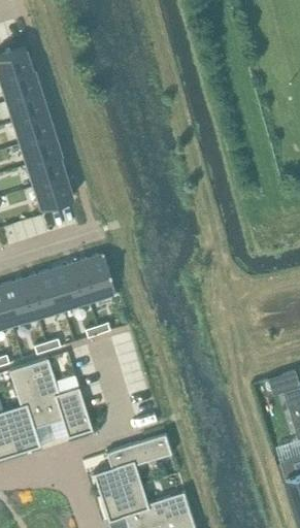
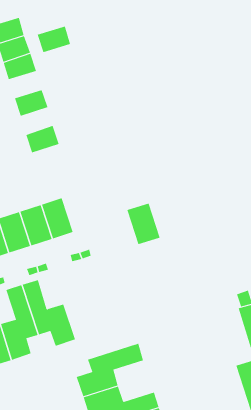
building: [11,111,52,143] -> [37,26,71,53]
building: [26,154,65,187] -> none
building: [75,253,115,302] -> [127,203,161,245]

